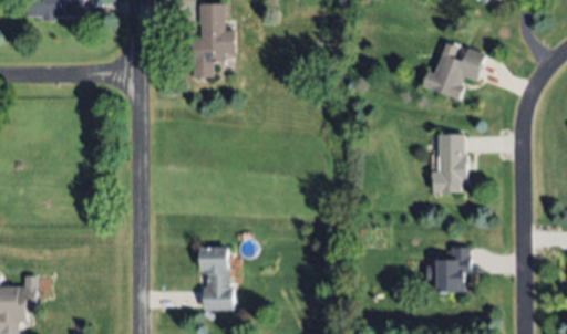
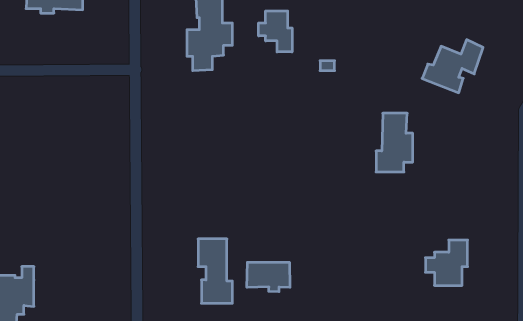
building: none -> [259,11,292,52]
building: [433,134,470,192] -> [376,113,413,172]
building: none -> [247,262,290,292]

